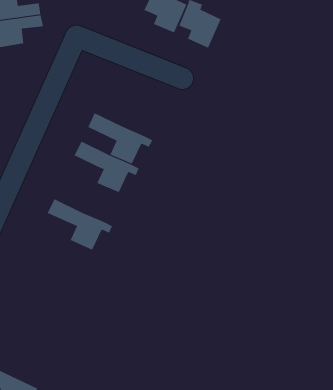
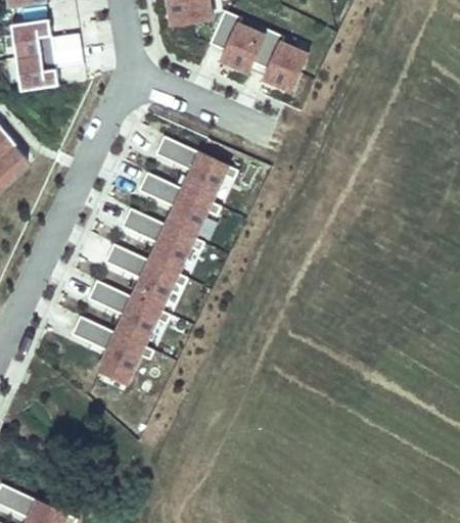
building: none -> [155,136,238,201]
building: none -> [105,243,188,310]
building: none -> [72,316,154,383]

